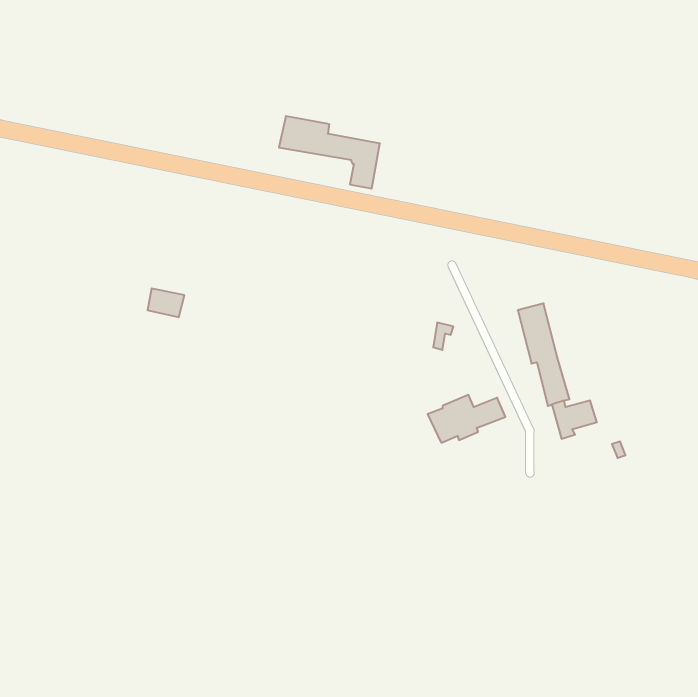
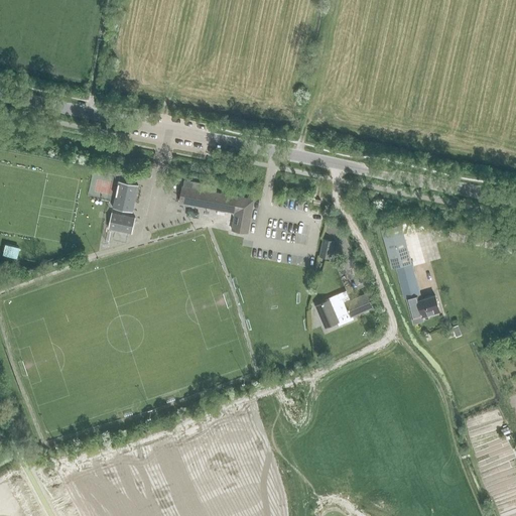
building: [279,116,380,189] -> [179,180,254,234]
building: none -> [112,182,138,213]

